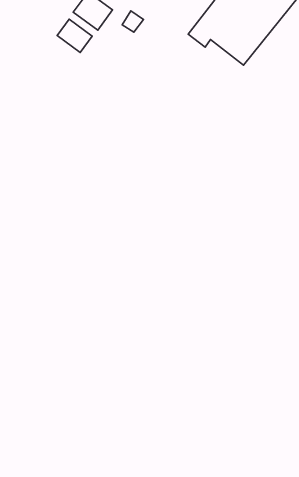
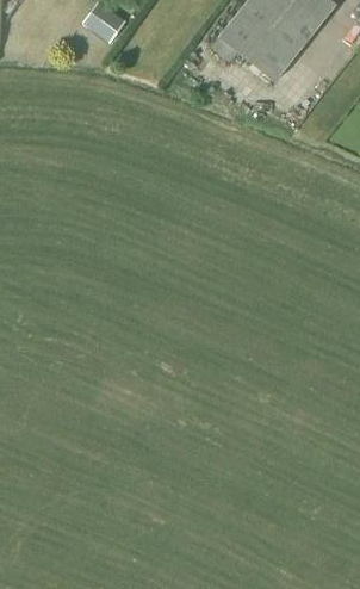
building: [57,19,92,52] -> none

